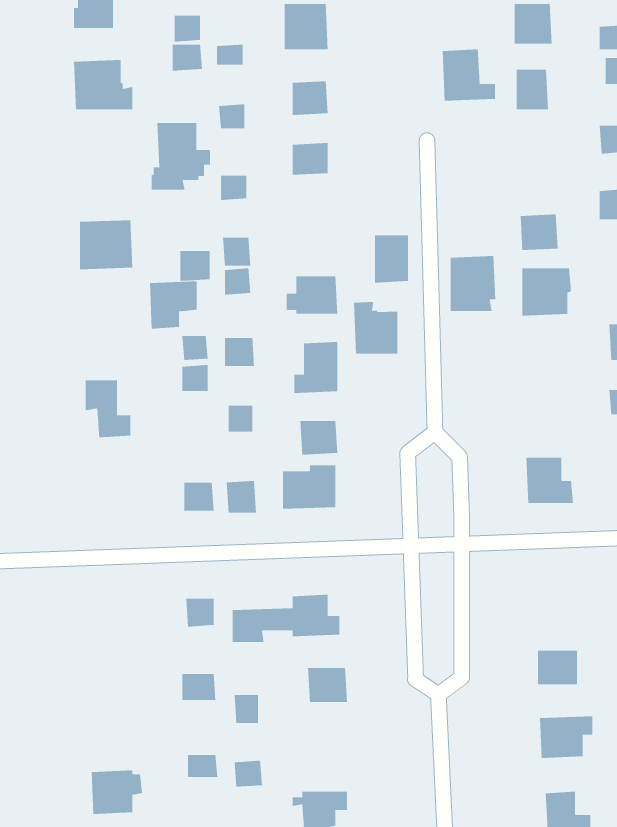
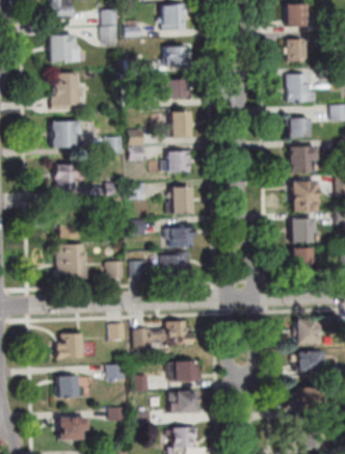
building: [442,49,496,101] -> [287,74,316,102]
building: [151,123,211,190] -> [52,73,84,109]
building: [374,235,409,283] -> [171,111,190,137]
building: [450,256,496,312] -> [292,181,317,211]
building: [149,281,197,329] -> [57,164,83,190]
building: [354,301,398,354] -> none
building: none -> [291,219,315,242]
building: none -> [57,244,87,279]
building: none -> [296,319,322,344]
building: none -> [57,335,81,358]
building: none -> [57,376,76,397]
building: none -> [169,392,197,413]

